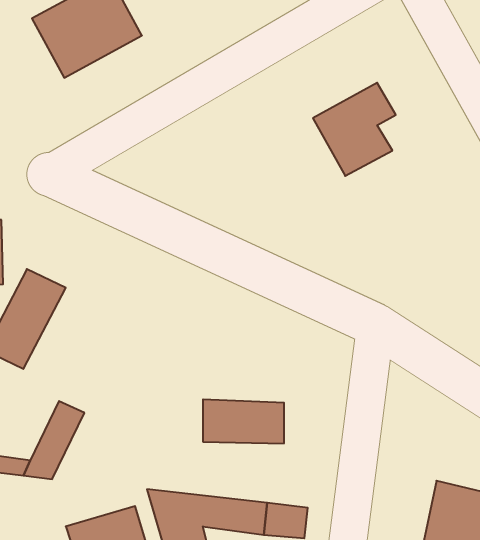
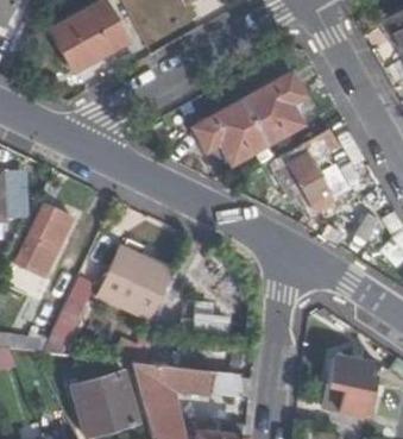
building: none -> [200,101,270,162]
building: none -> [283,128,340,211]
building: none -> [100,252,170,315]

